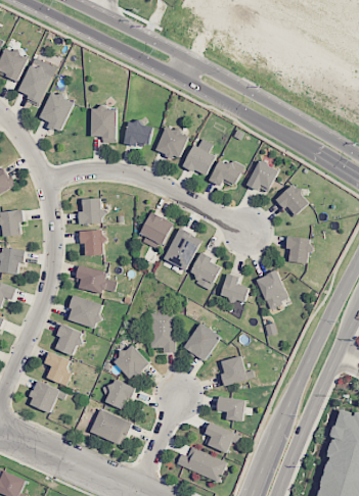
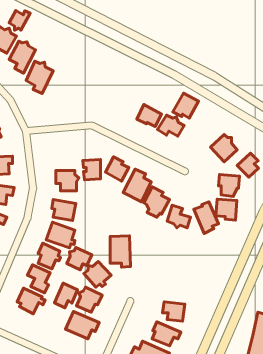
building: none -> [9,10,30,30]
building: [92,104,116,143] -> none
building: [124,118,153,146] -> none
building: [159,128,188,156] -> none
building: [244,160,277,192] -> [173,93,199,118]
building: [79,197,101,222] -> [83,160,100,180]
building: none -> [237,153,259,177]
building: none -> [216,199,237,220]
building: [185,323,222,359] -> none
building: none -> [67,247,92,270]
building: [219,357,254,386] -> none
building: none -> [54,283,78,308]

